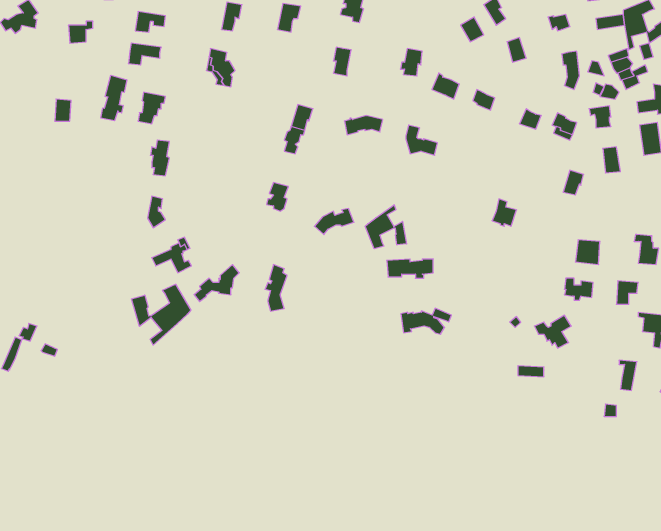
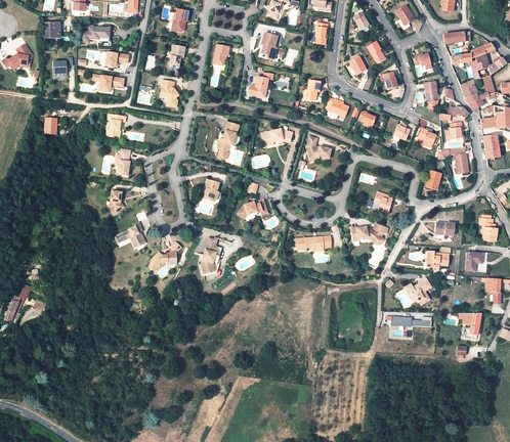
building: [101,75,127,121] -> none
building: [365,205,407,249] -> none
building: [132,284,191,345] -> none
building: [401,308,451,334] -> [351,223,389,242]

